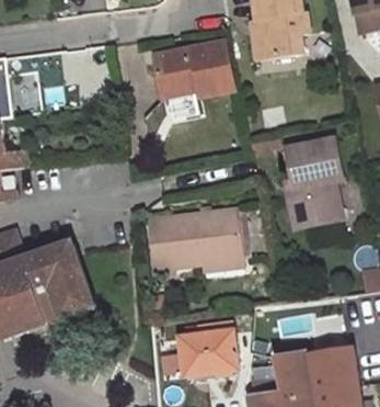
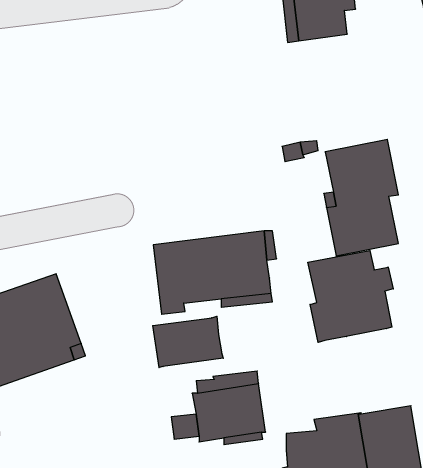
building: [152,41,234,97] -> none
building: none -> [308,250,393,342]
building: none -> [153,316,223,368]

